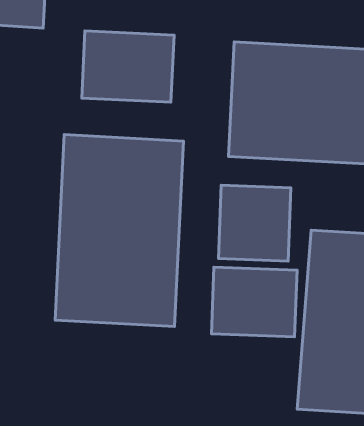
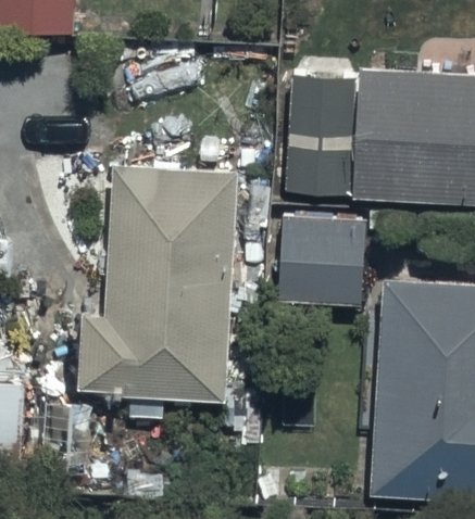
building: [82,31,174,102] -> none
building: [211,267,297,337] -> none

